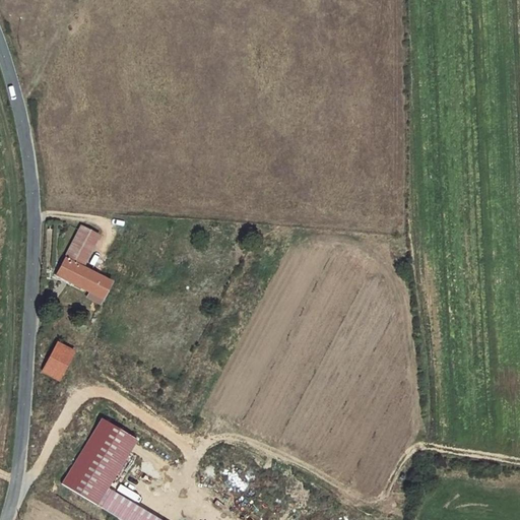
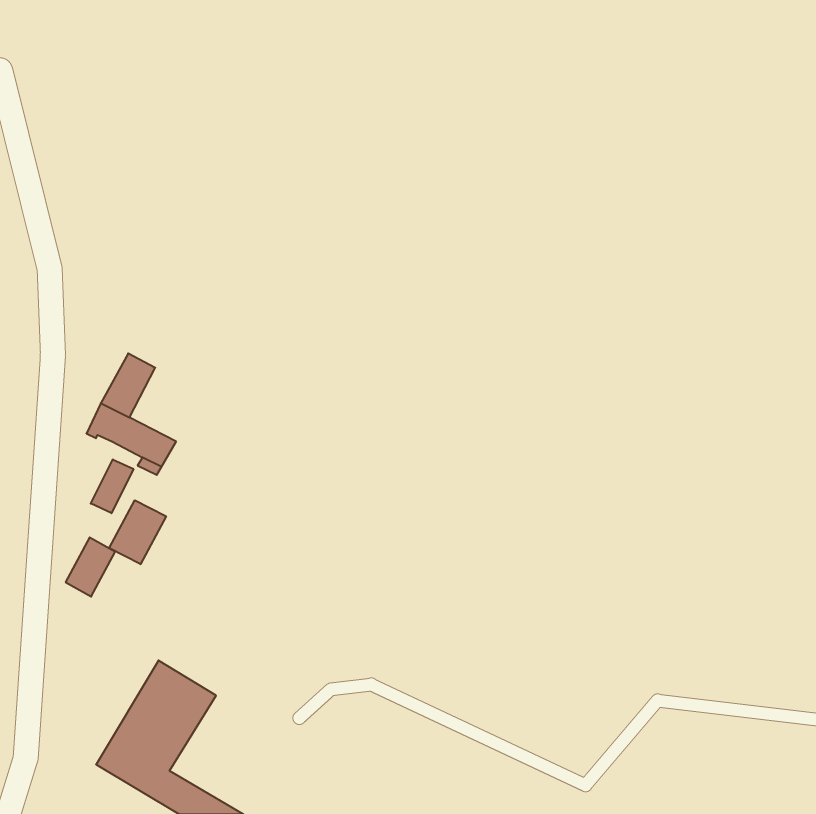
building: none -> [91,459,133,513]
building: none -> [109,500,166,564]

